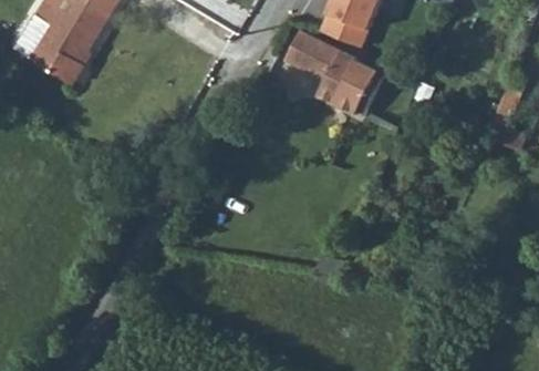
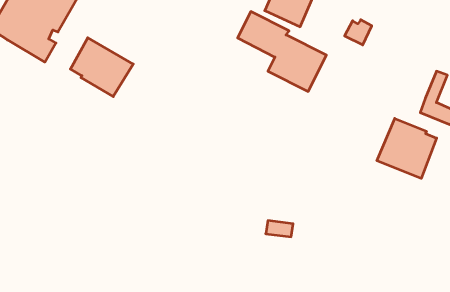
building: none -> [70,38,133,97]
building: none -> [377,118,437,178]

